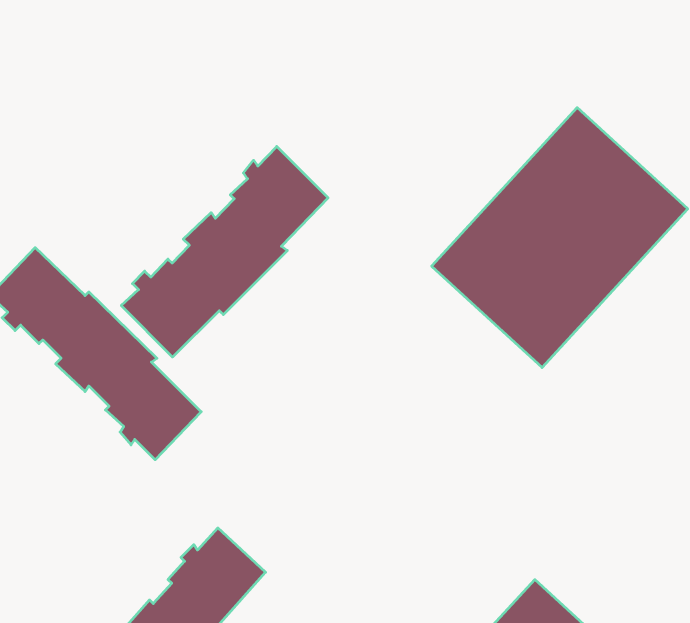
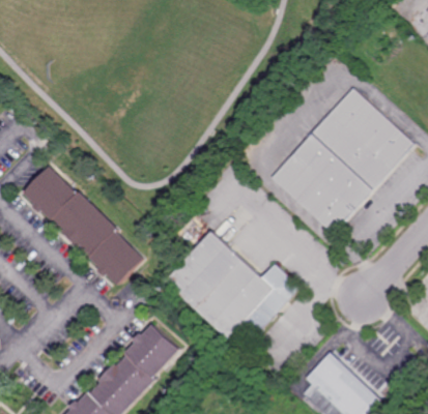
building: [121,146,328,357] -> none
building: none -> [165,233,298,342]

